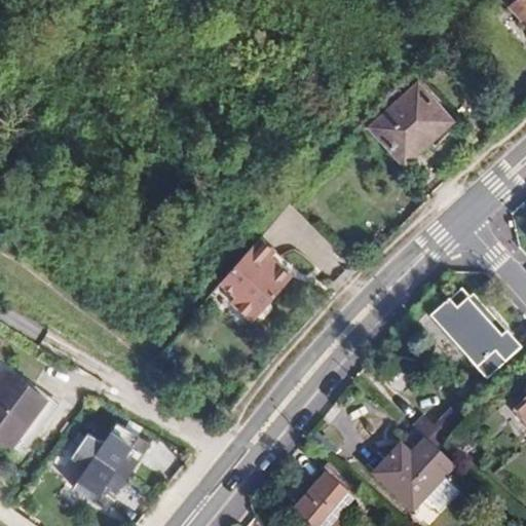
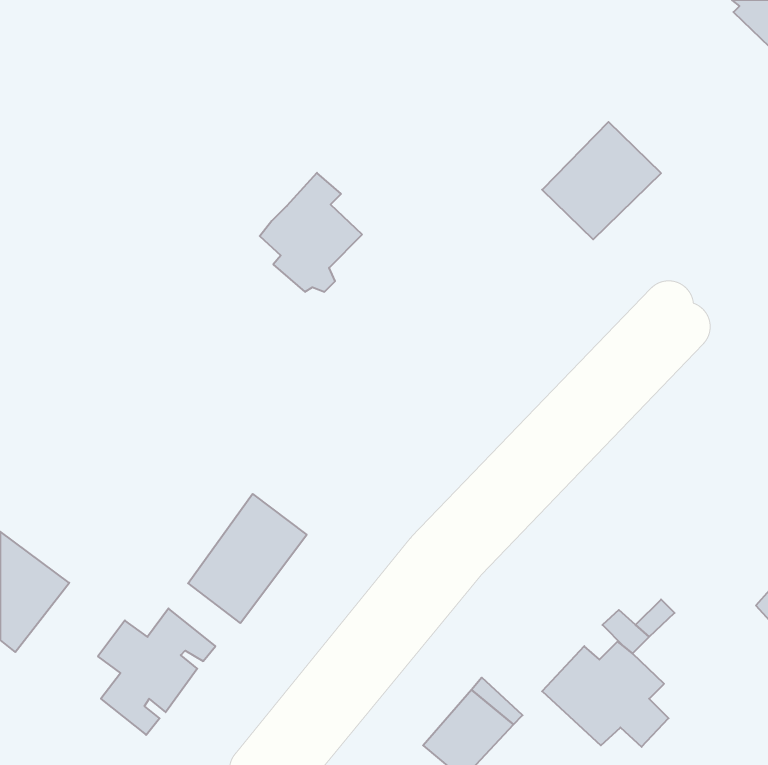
building: [218,237,288,318] -> [260,173,362,292]
building: [434,293,516,376] -> none
building: none -> [188,494,307,623]

